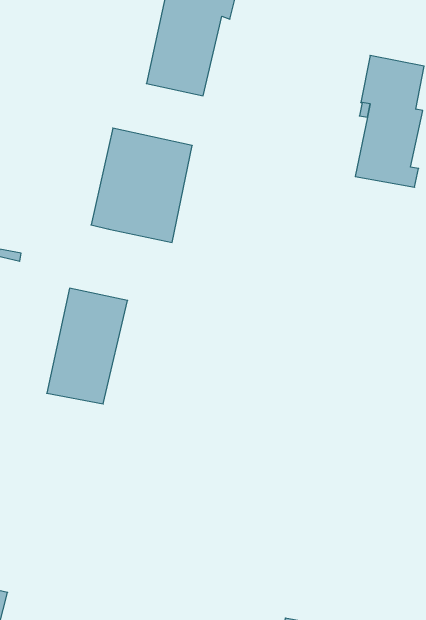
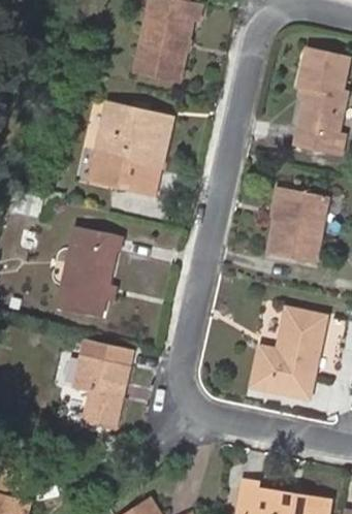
building: none -> [270,188,327,262]
building: none -> [251,310,325,397]
building: none -> [75,343,130,427]

